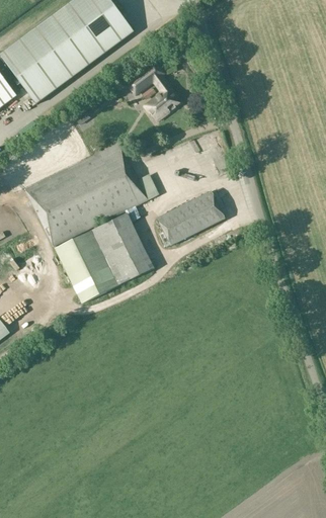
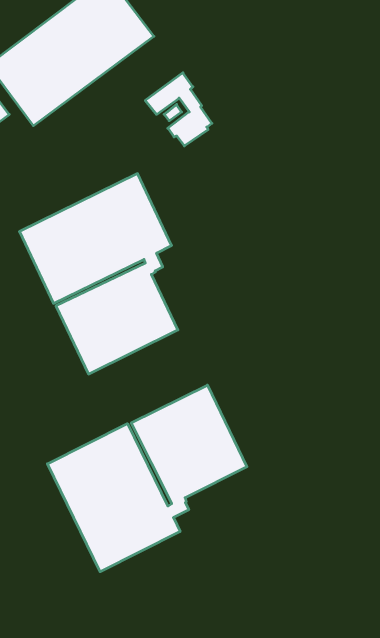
building: [156,190,225,246] -> none
building: none -> [47,385,247,572]

